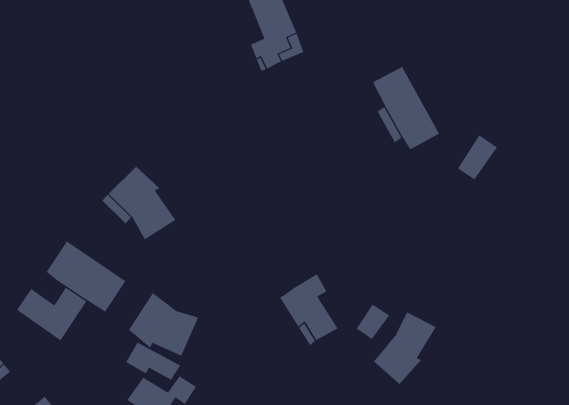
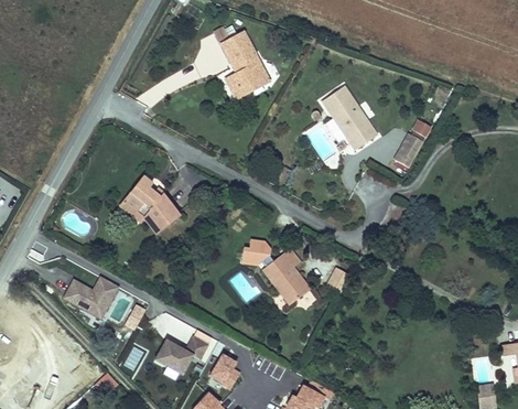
building: [46,241,126,313] -> none
building: none -> [241,241,274,268]
building: [128,292,199,357] -> none
building: [373,311,437,385] -> none

